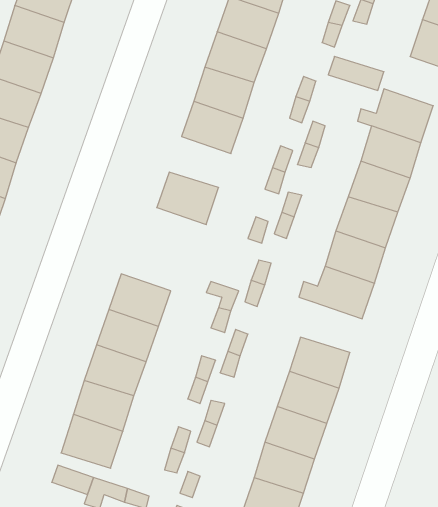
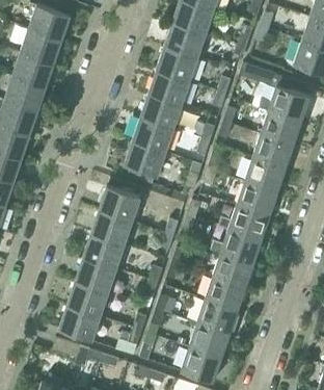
building: none -> [132,118,173,152]
building: none -> [100,186,140,222]
building: none -> [211,229,262,263]

